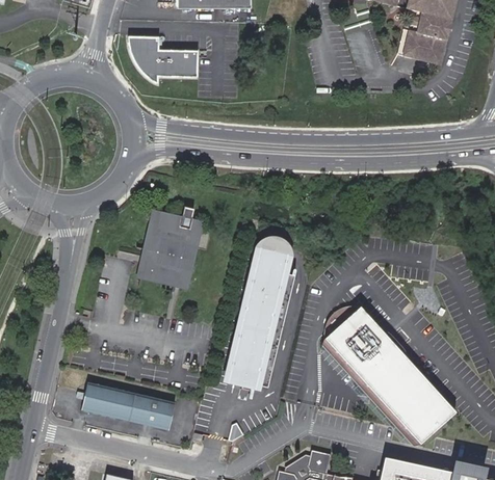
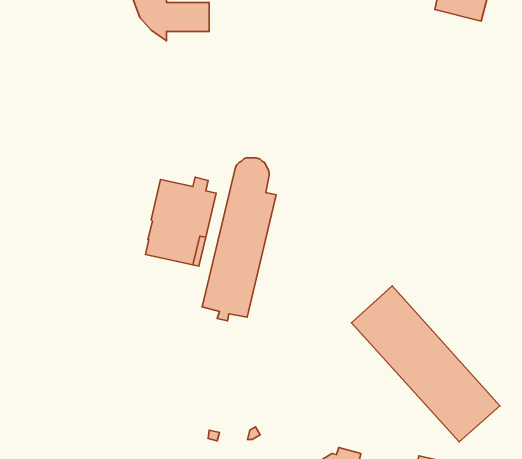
building: [230,244,296,391] -> [202,158,276,321]
building: [87,385,182,433] -> none

